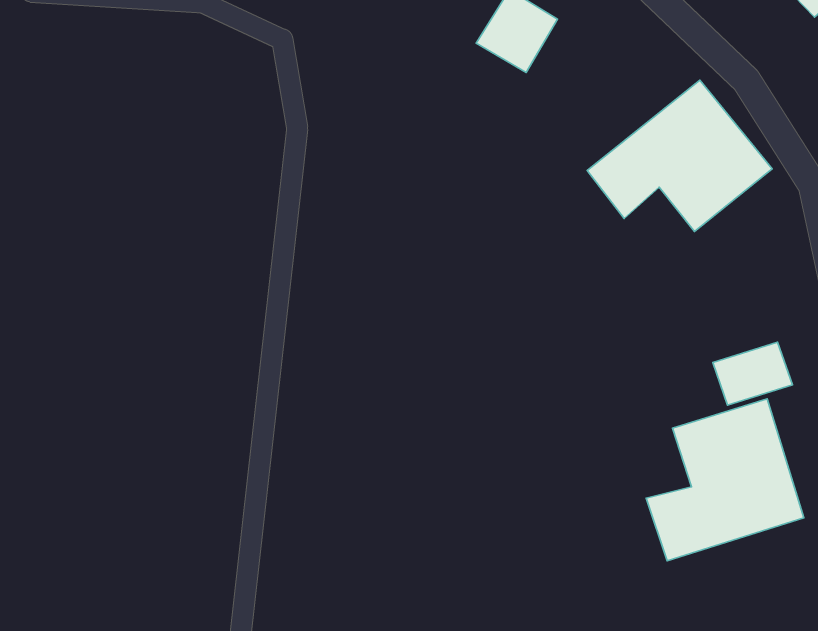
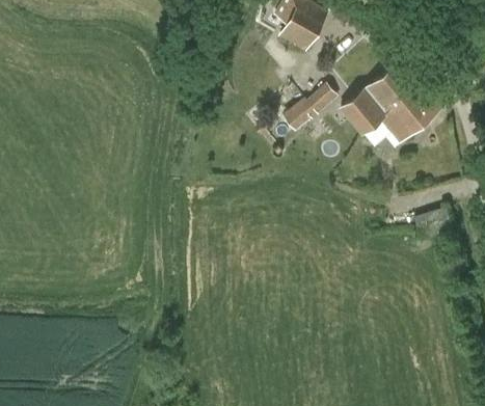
building: none -> [282,82,336,130]
building: [646,399,804,561] -> none

